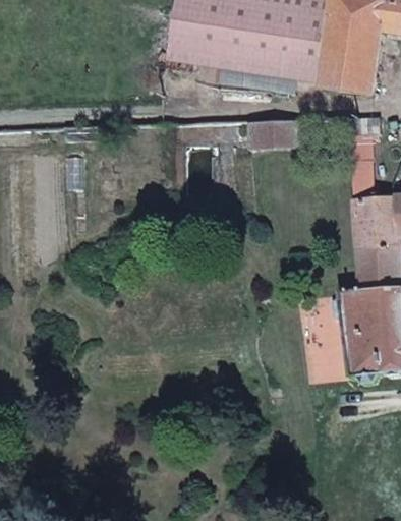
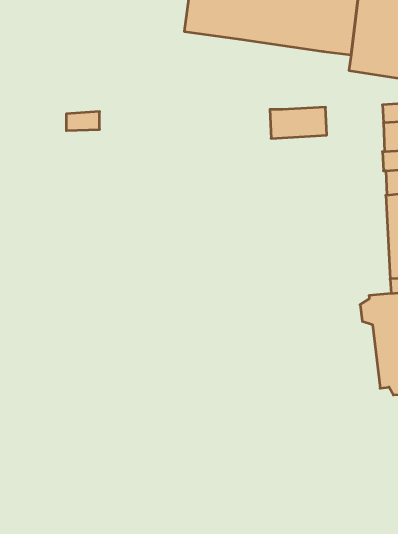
building: [219,57,299,91] -> none

